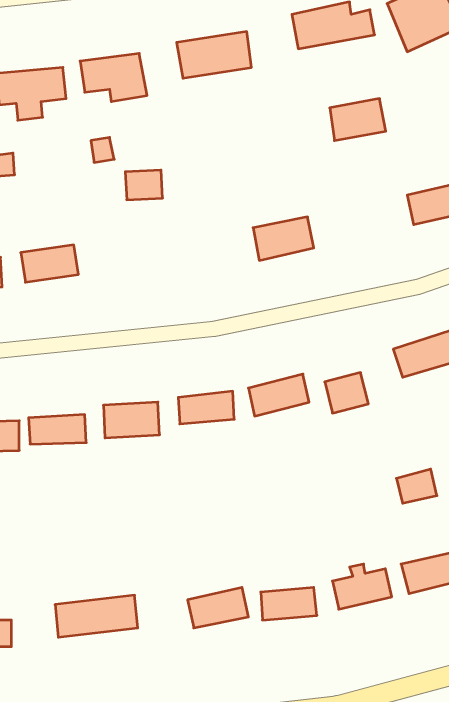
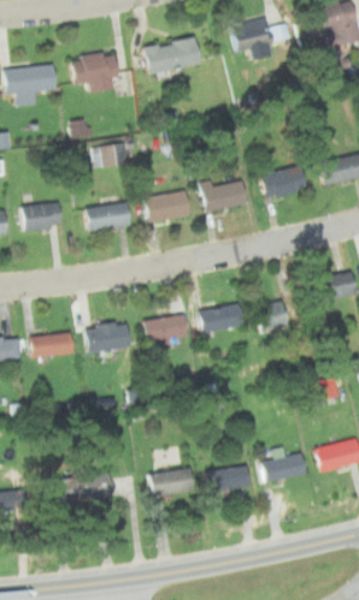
building: [330,99,386,141] -> [263,167,306,200]
building: none -> [142,190,194,222]
building: none -> [84,203,130,230]

